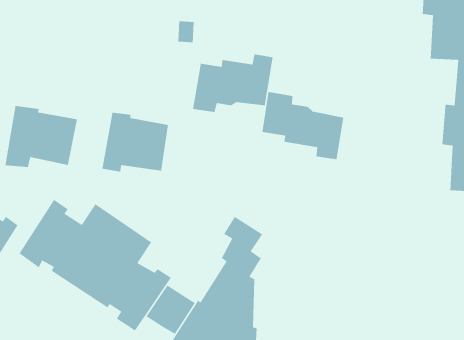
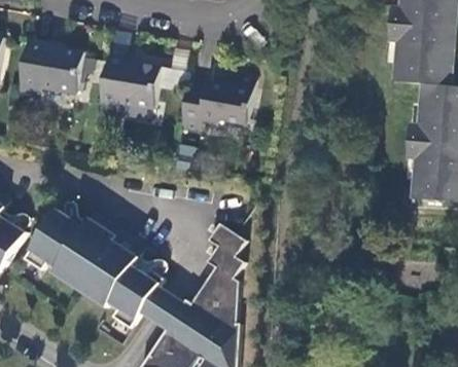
building: [262,91,344,160] -> none
building: [5,105,78,168] -> [21,41,86,98]
building: [101,112,169,173] -> [102,57,163,111]

